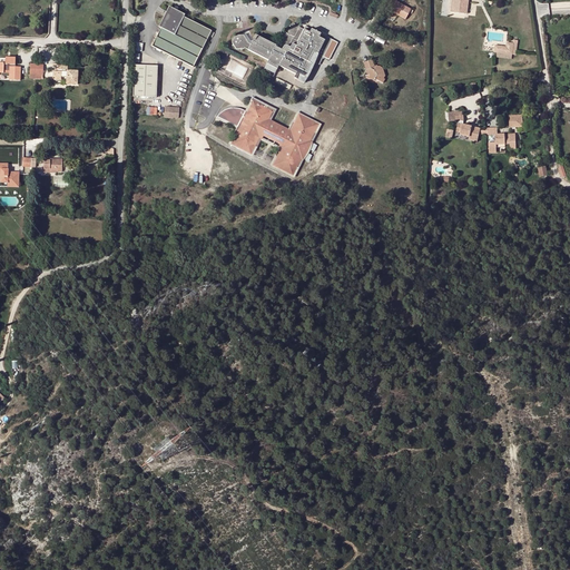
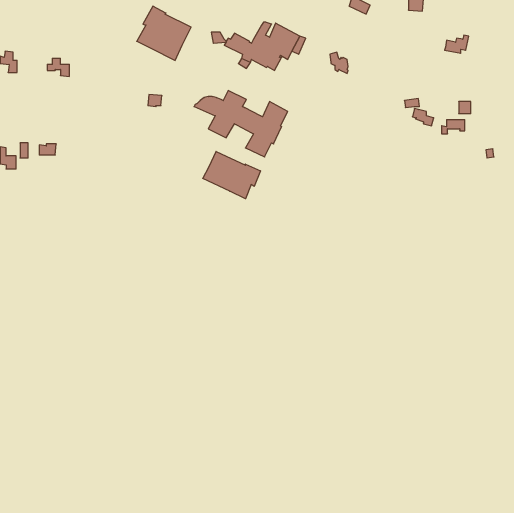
building: [134,66,158,97] -> none
building: none -> [203,151,260,199]

